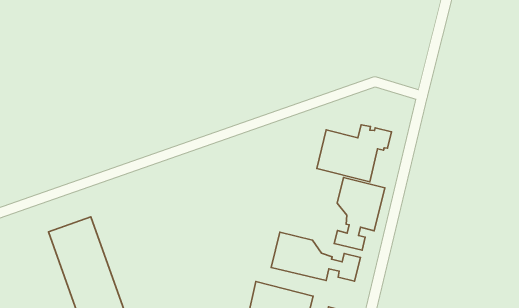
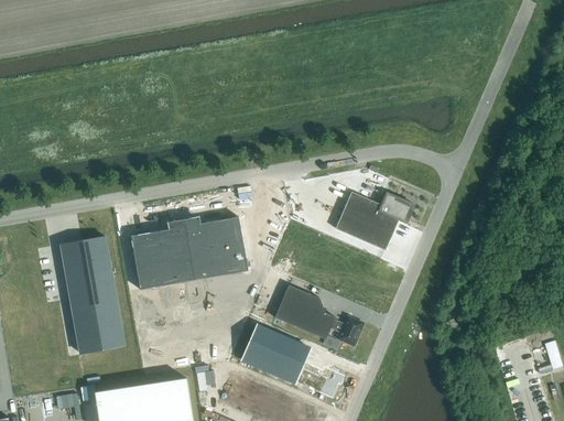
building: none -> [126,217,243,291]
building: [334,178,385,250] -> none

